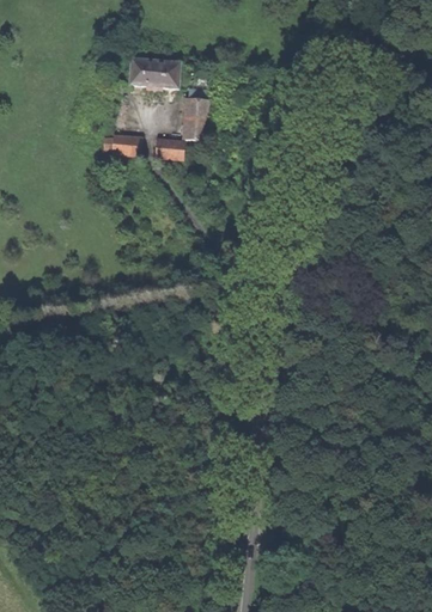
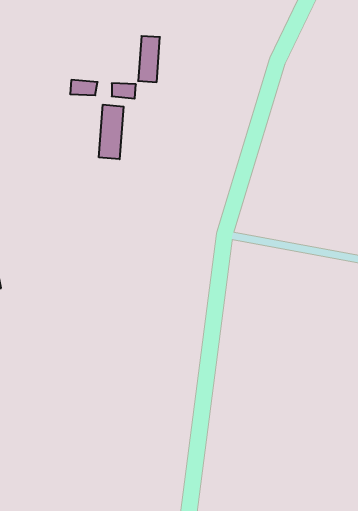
building: [128,57,178,86] -> none
building: none -> [99,105,124,159]

